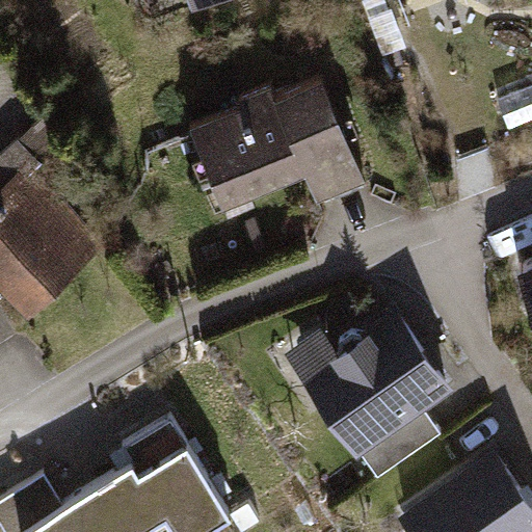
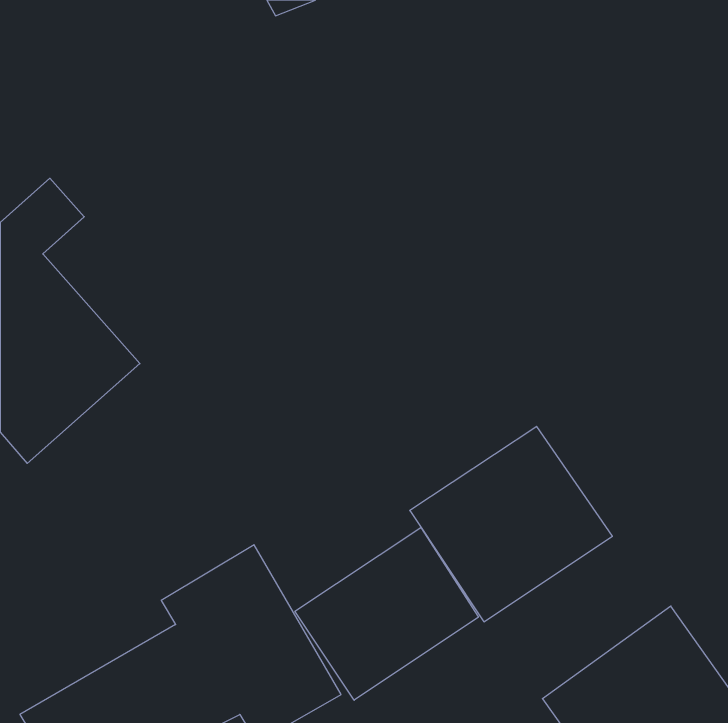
building: [186,82,356,213] -> none
building: none -> [295,527,478,700]

